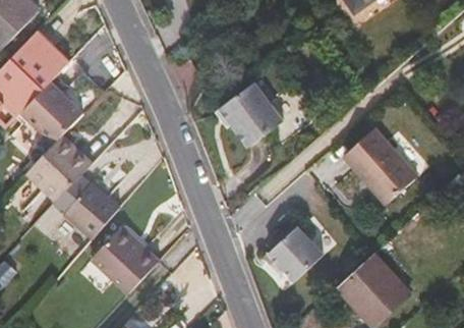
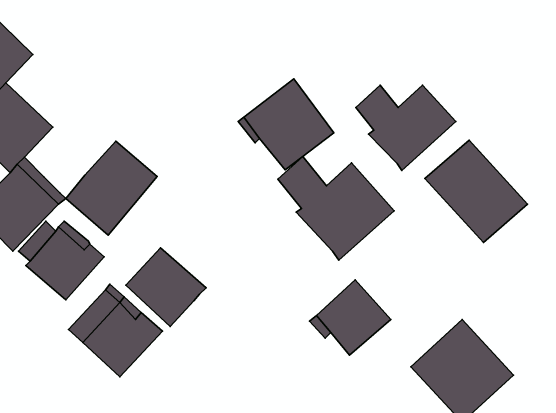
building: none -> [356,85,456,170]
building: none -> [66,141,157,235]
building: none -> [278,156,394,260]
building: none -> [126,248,206,327]

